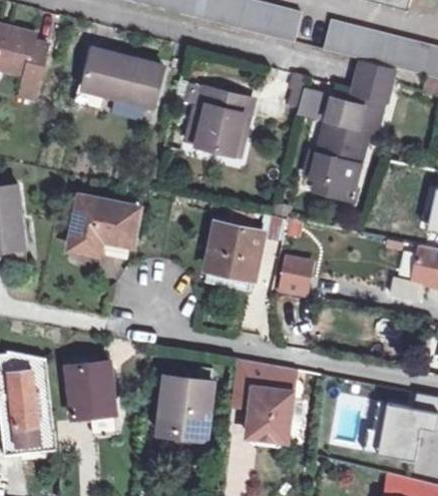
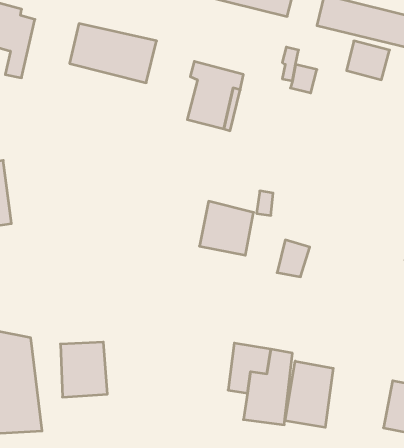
building: [312,96,379,187] -> none
building: [67,195,135,254] -> none
building: [160,378,216,442] -> none
building: none -> [285,361,333,427]

